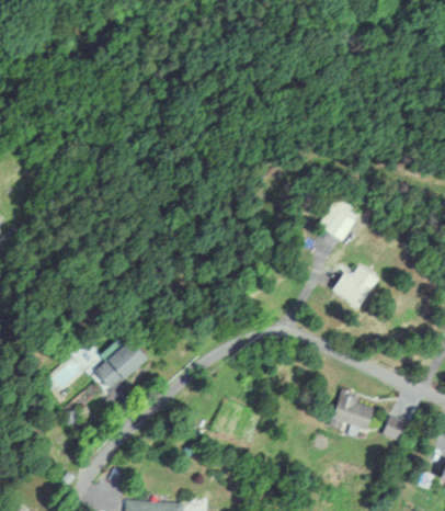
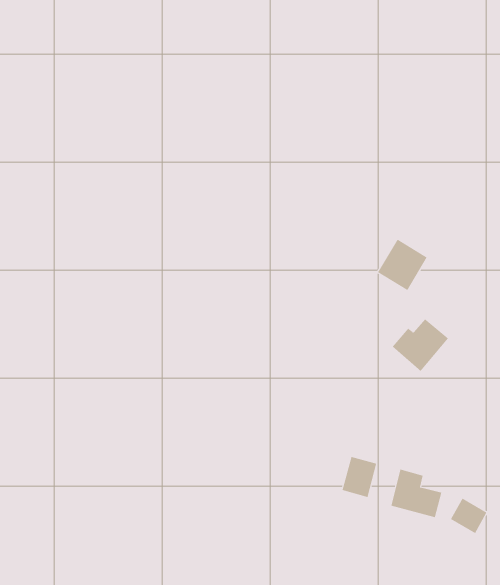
building: [94,340,145,388] -> none
building: none -> [342,456,377,498]

